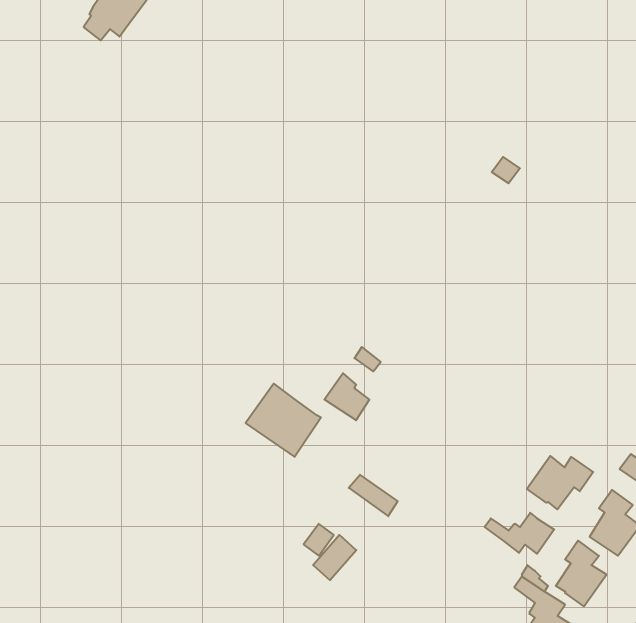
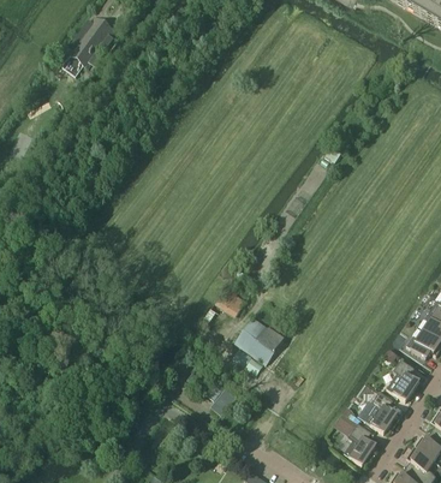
building: [246,384,321,457] -> [236,315,284,362]
building: [527,456,593,509] -> none
building: [485,513,554,554] -> none

